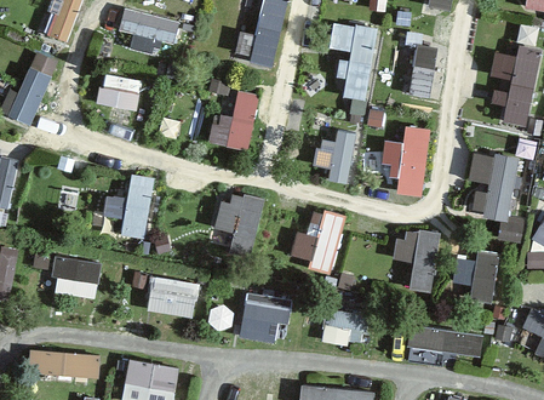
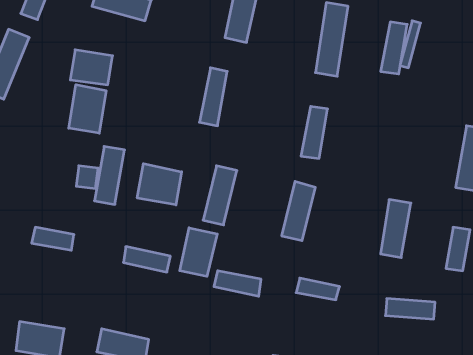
building: none -> [69,85,106,133]
building: [395,132,428,198] -> none
building: none -> [137,164,182,205]
building: none -> [180,228,217,276]

